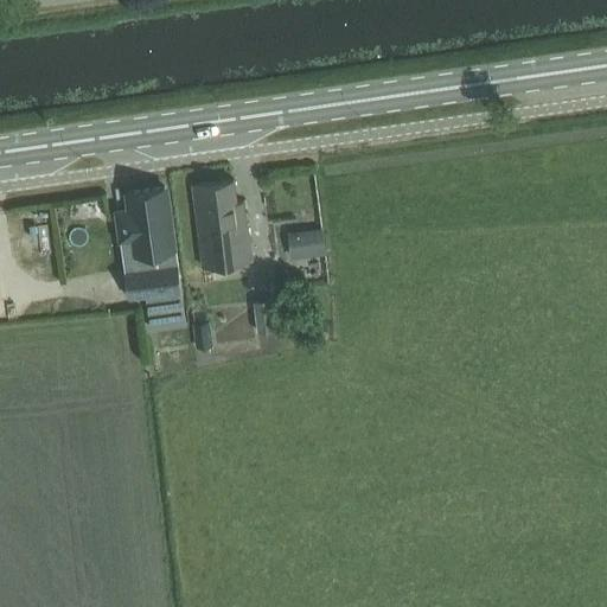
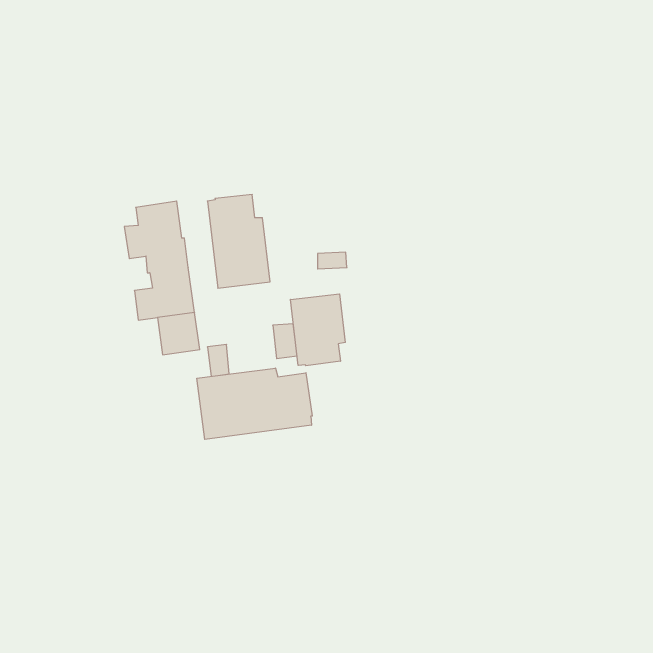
building: none -> [290,294,345,366]
building: none -> [197,368,312,439]

